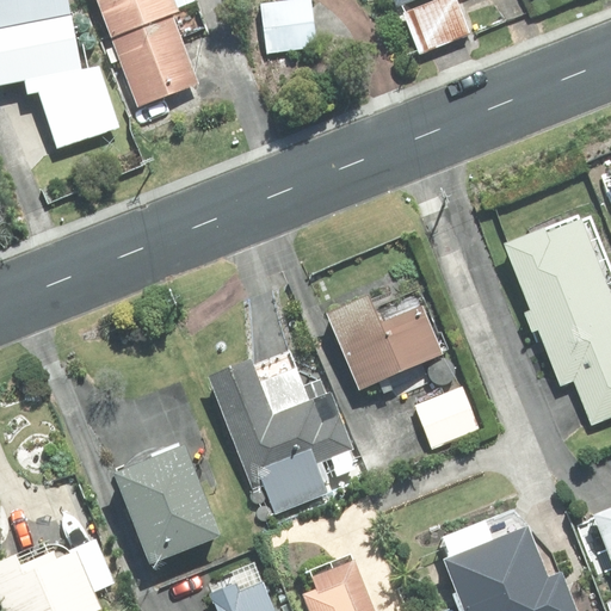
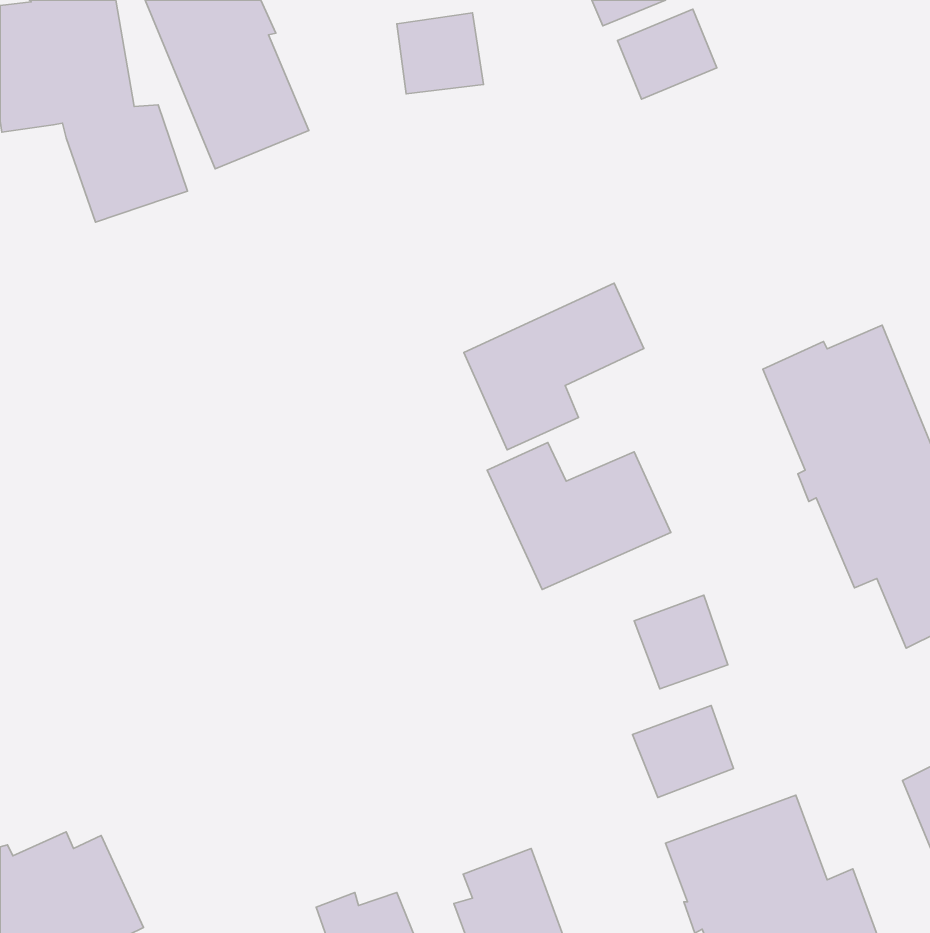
building: none -> [464,283,644,450]
building: [206,350,358,517] -> none
building: [105,434,214,558] -> none
building: none -> [633,706,734,797]

